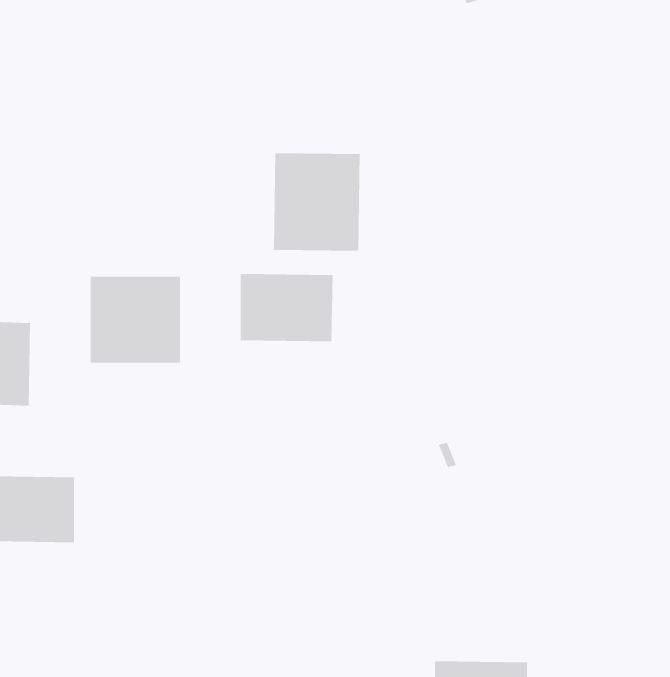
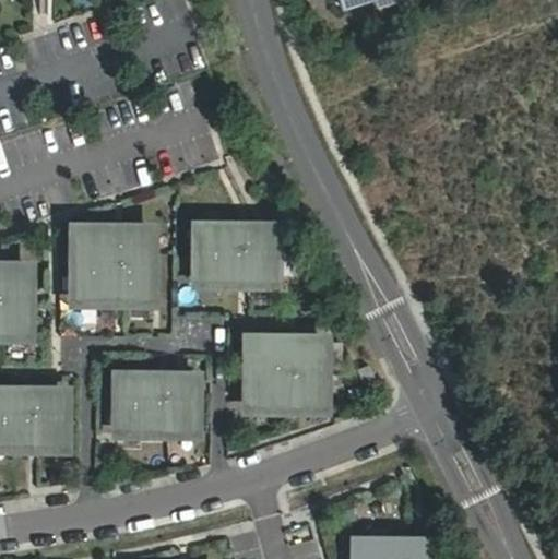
building: [273,152,360,252] -> none
building: none -> [248,335,323,405]
building: none -> [118,373,194,429]

